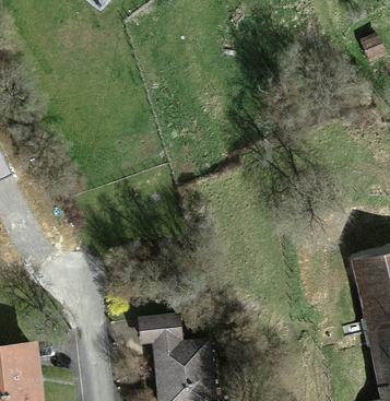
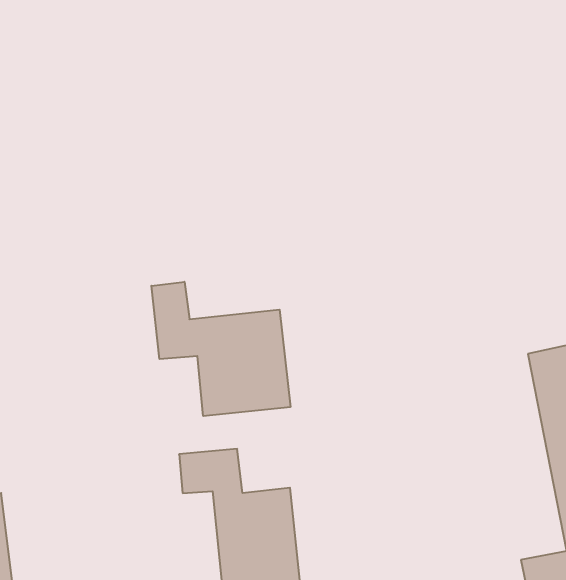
building: none -> [151,282,290,416]

